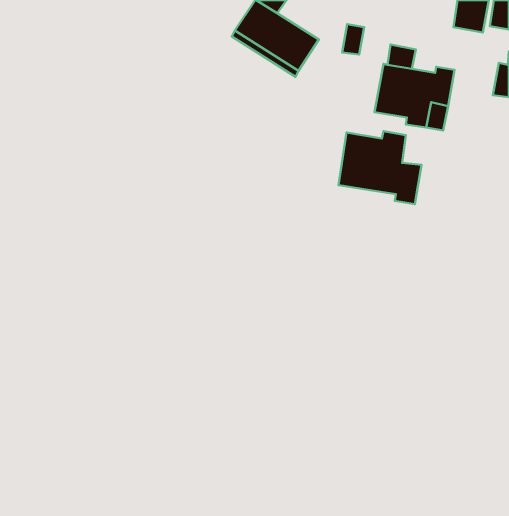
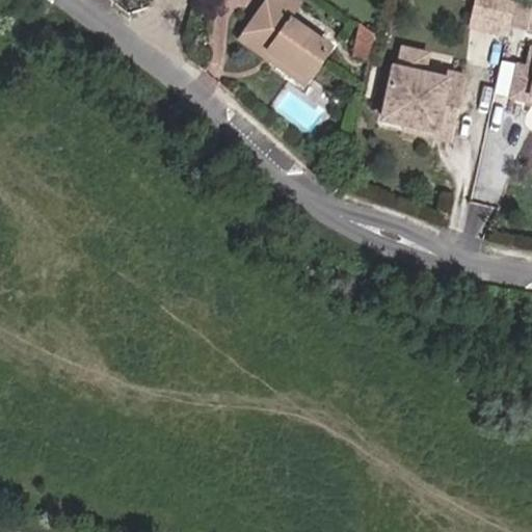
building: [339,131,421,204] -> none

